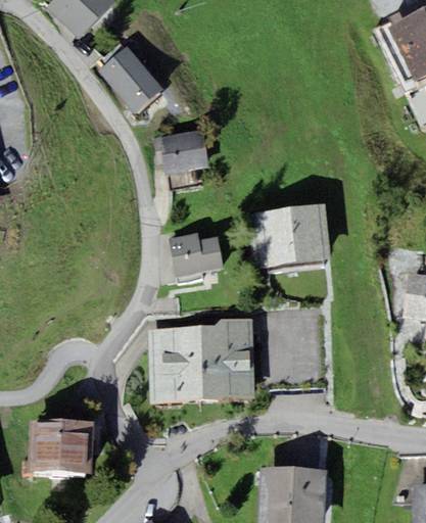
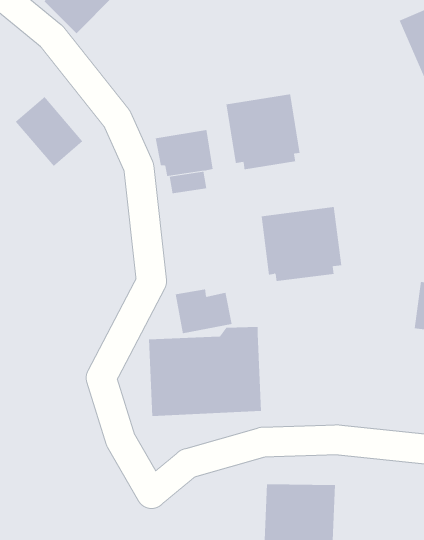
building: [98,46,163,113] -> [15,96,83,167]
building: none -> [226,94,300,170]
building: [168,234,223,277] -> [175,289,233,334]
building: [29,420,94,471] -> none

